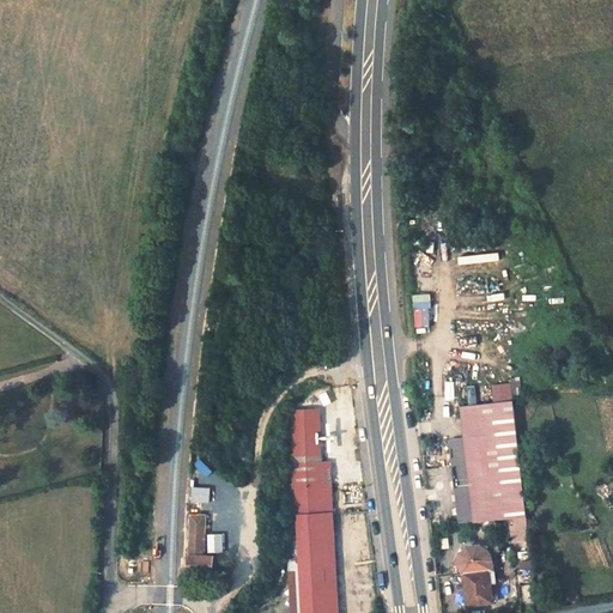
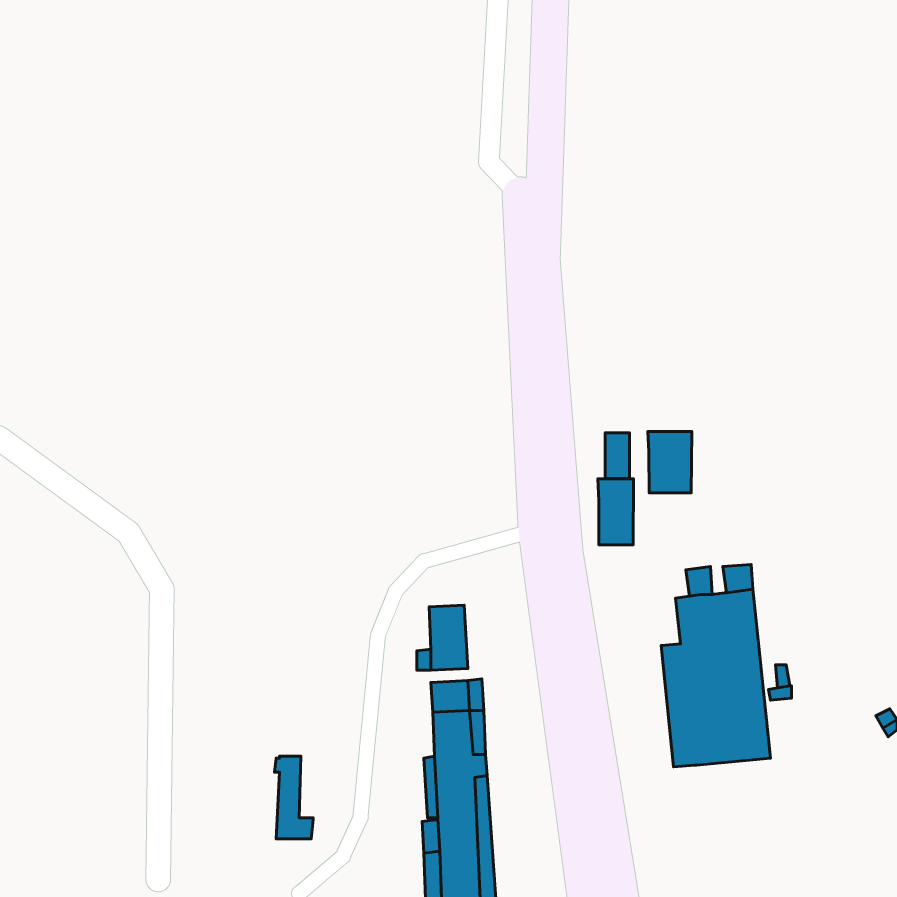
building: none -> [648,432,692,493]
building: none -> [598,479,634,545]
building: [459,546,493,606] -> none

